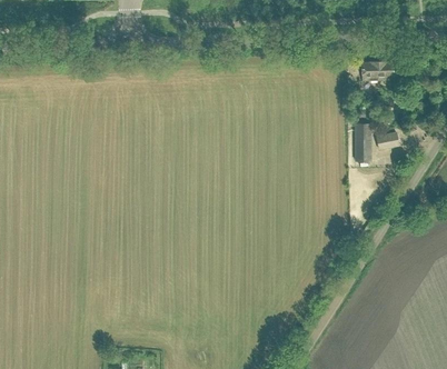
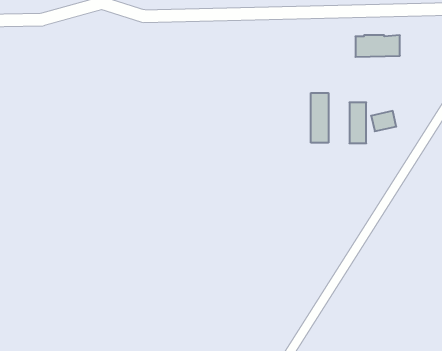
building: none -> [311,93,328,143]

